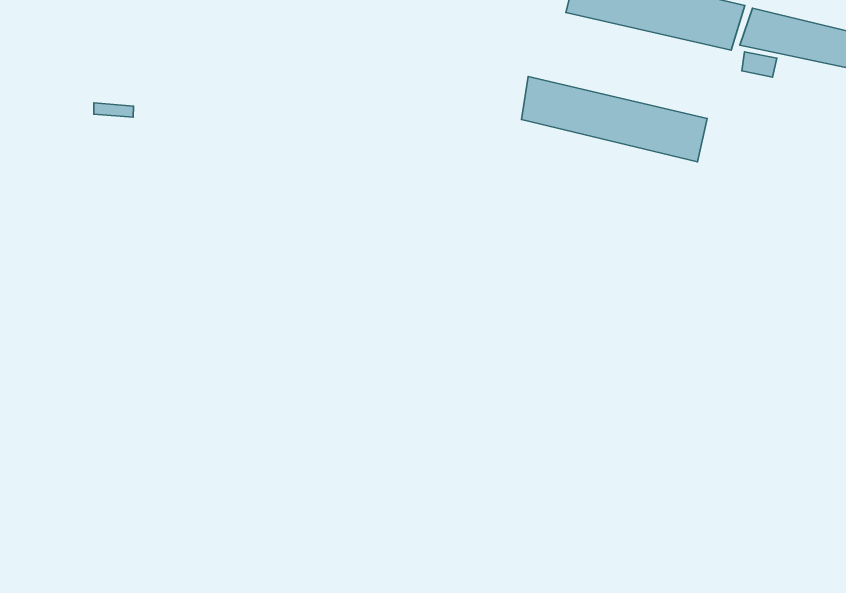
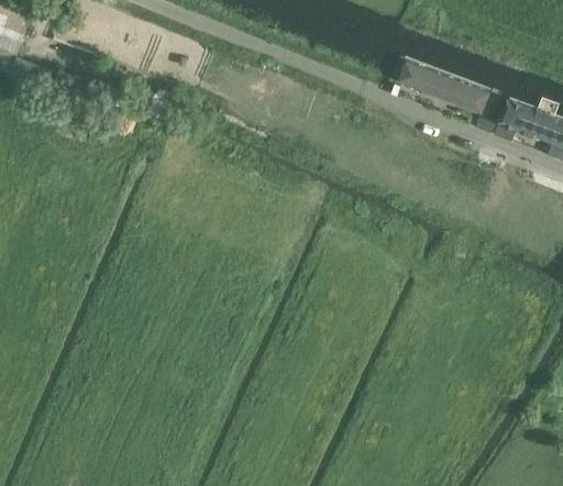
building: [521,77,707,162] -> none

